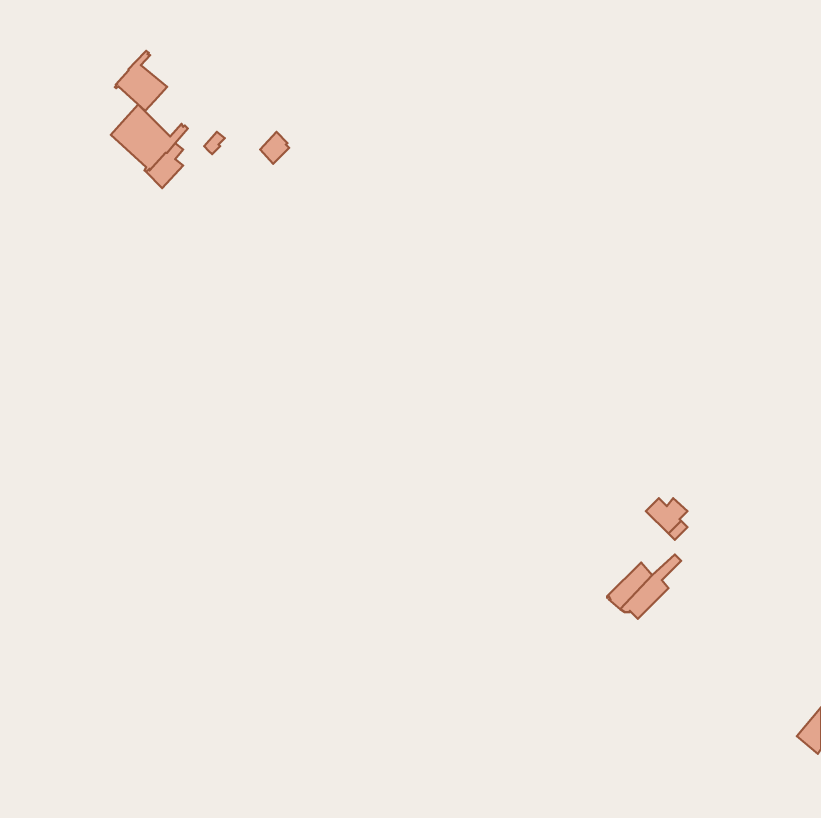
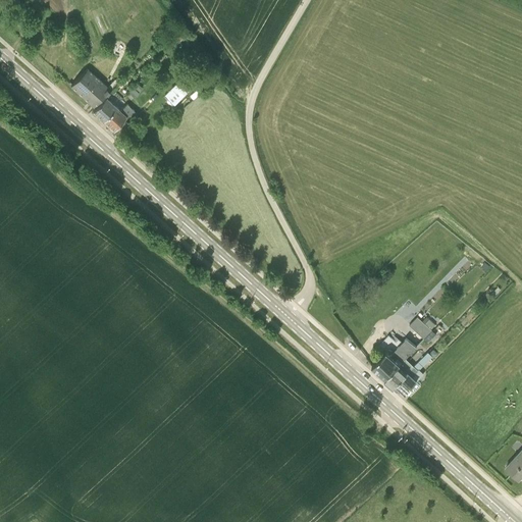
building: [115,51,167,111] -> none
building: none -> [103,105,136,132]
building: none -> [371,341,417,380]

